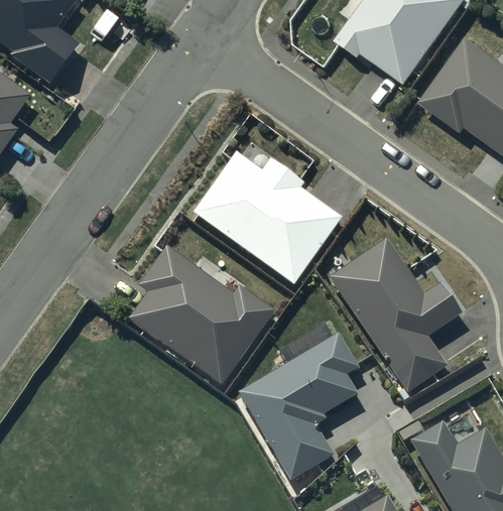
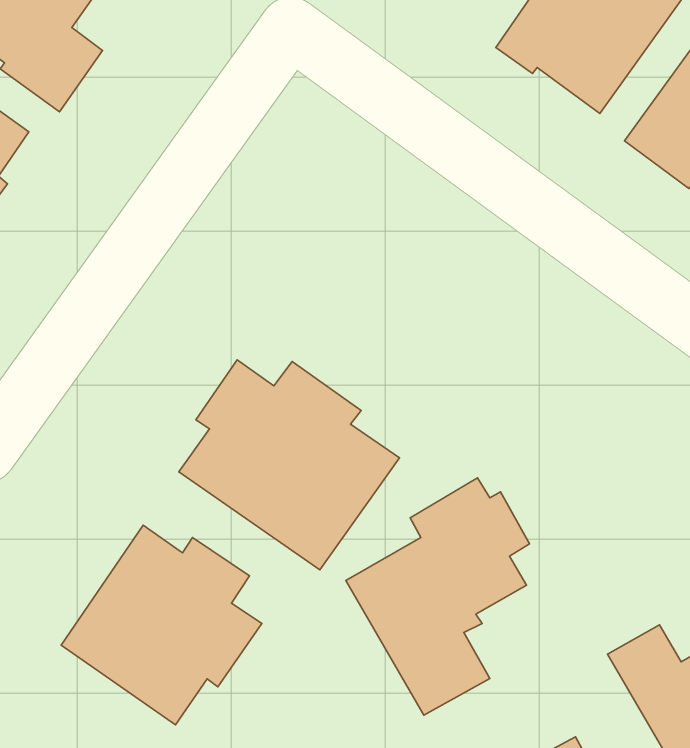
building: [193,152,341,284] -> none
building: [329,238,460,393] -> none
building: none -> [61,525,262,725]

